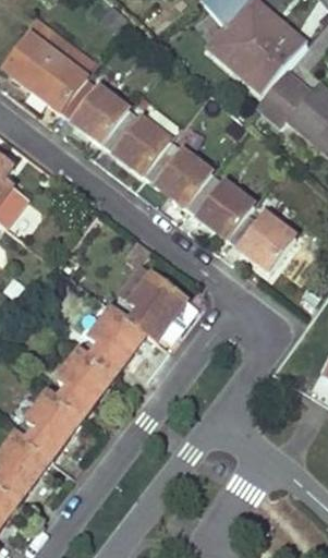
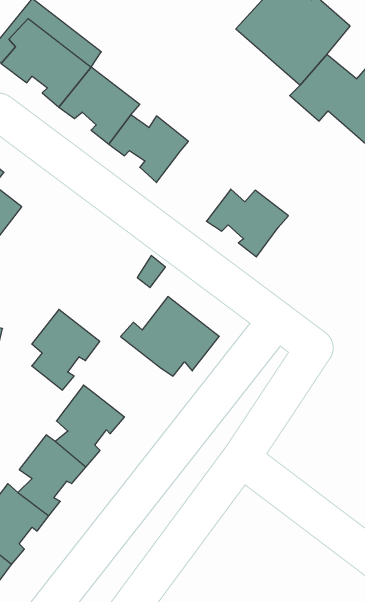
building: [142,148,211,208] -> none
building: [227,211,295,270] -> none
building: [88,306,146,375] -> [32,309,100,390]

